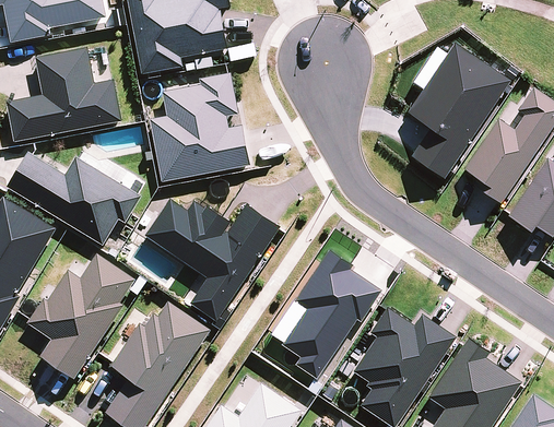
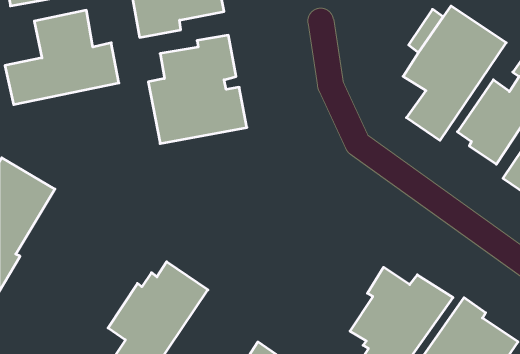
building: [7,153,141,246] -> none
building: [145,199,281,321] -> none
building: [281,249,381,379] -> none
building: [27,253,134,380] -> none

